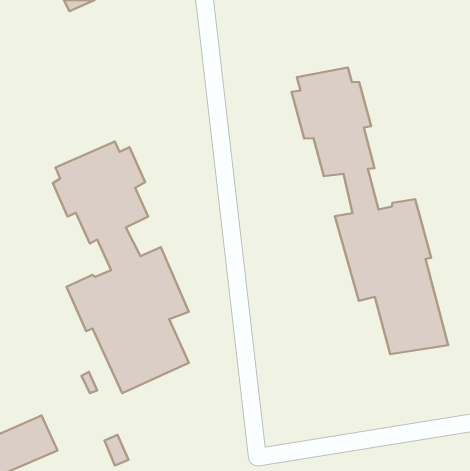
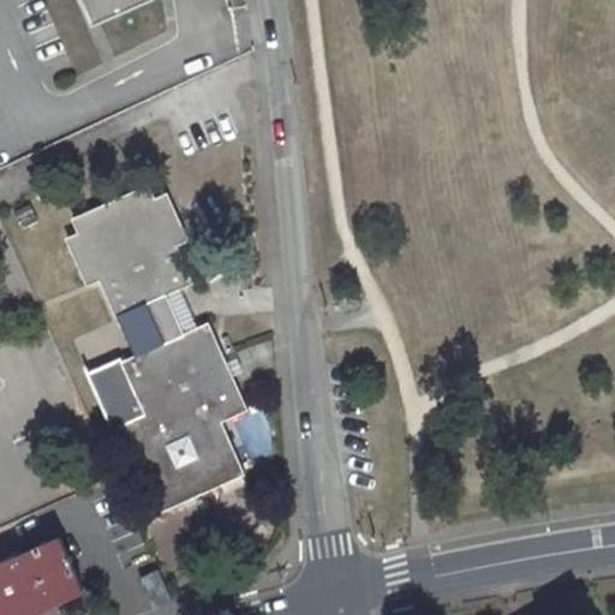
building: [292,68,448,354] -> none

